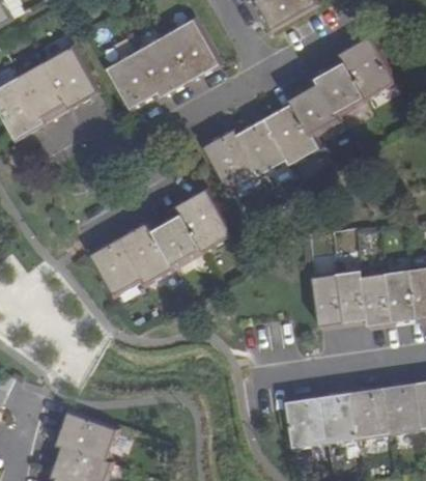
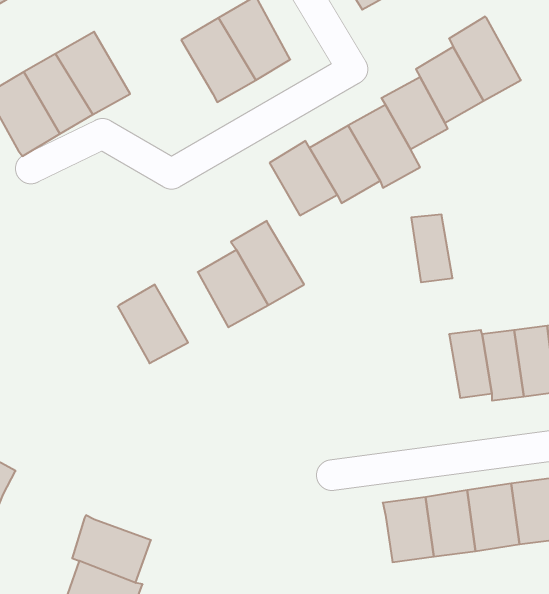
building: [109,54,161,110] -> none
building: [117,222,172,285] -> none
building: [315,275,346,326] -> [411,215,453,282]

